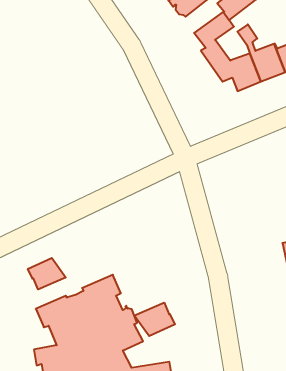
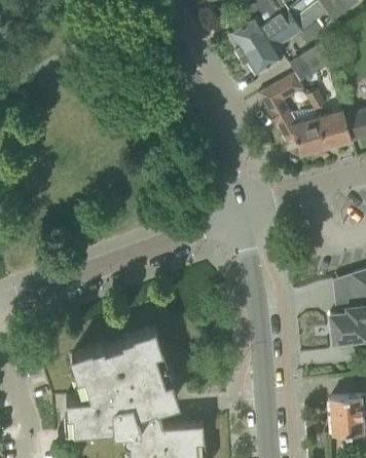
building: [28,258,66,289] -> none
building: [134,303,175,336] -> none

